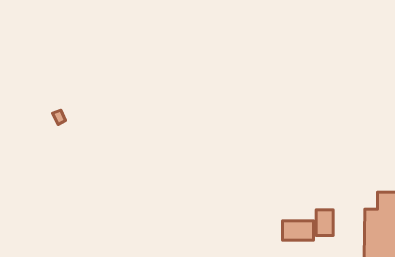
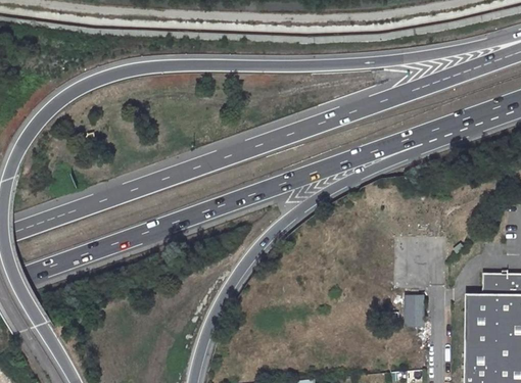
building: [283,221,313,240] -> none

